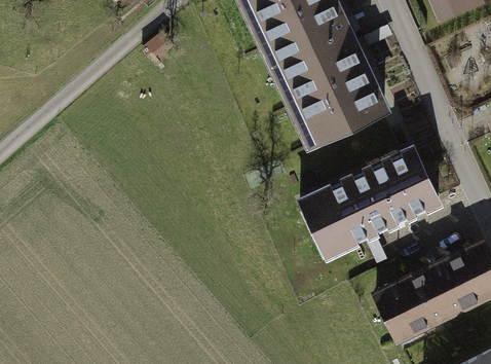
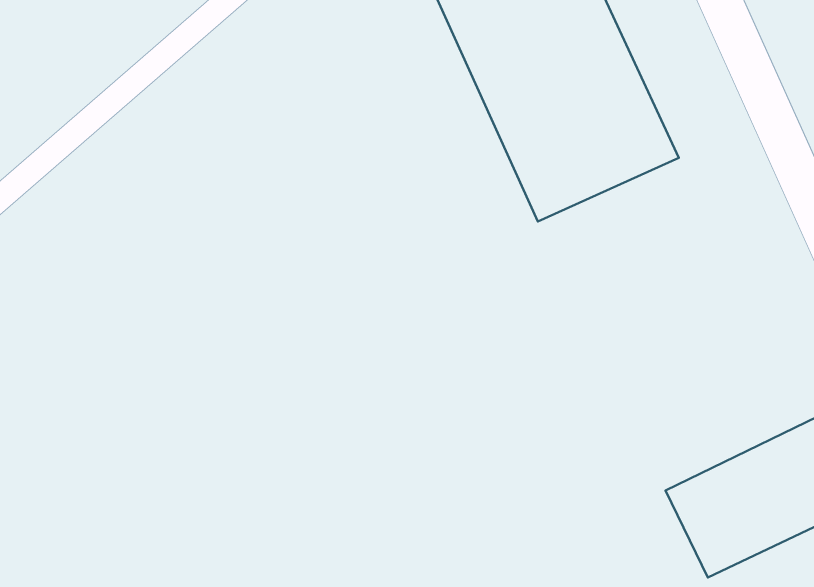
building: [306,151,439,254] -> none

